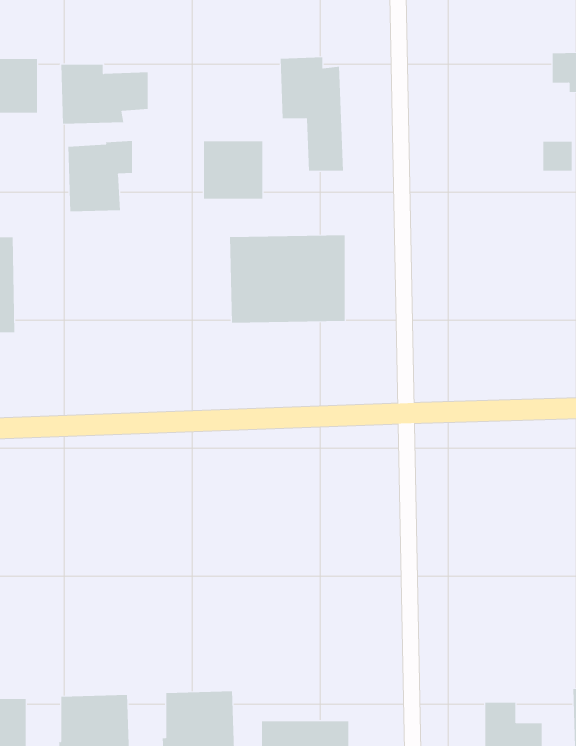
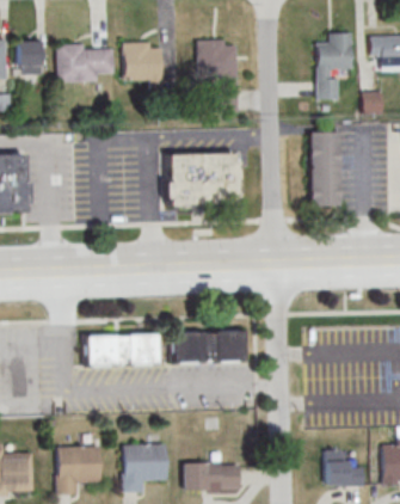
building: none -> [316,33,353,100]
building: [68,140,133,212] -> none
building: [203,141,263,199] -> [124,43,162,80]
building: none -> [309,133,340,207]
building: none -> [173,332,246,363]
building: none -> [85,334,158,367]

